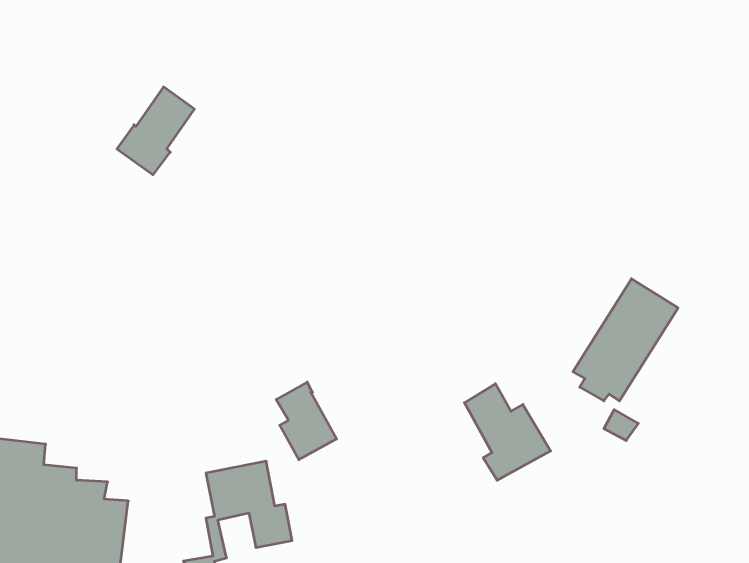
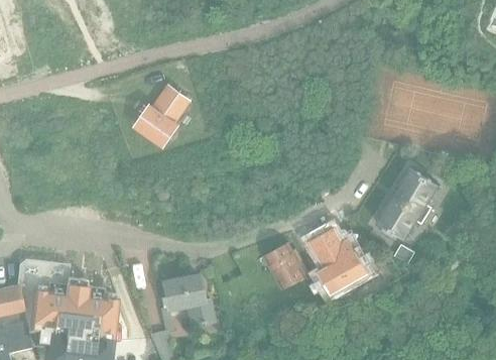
building: [117,87,194,175] -> [142,90,188,141]
building: [276,382,337,460] -> [270,244,305,289]

